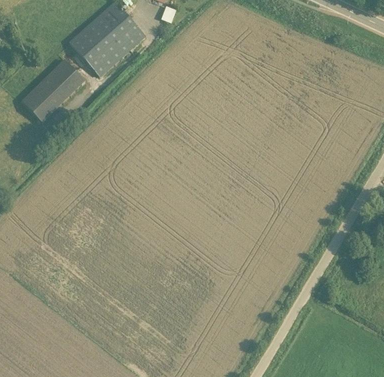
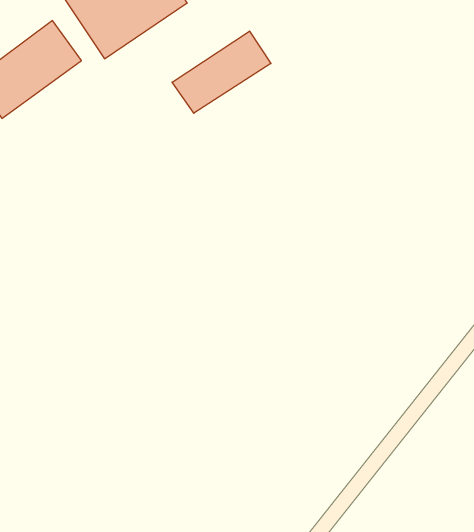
building: none -> [172,31,271,113]

